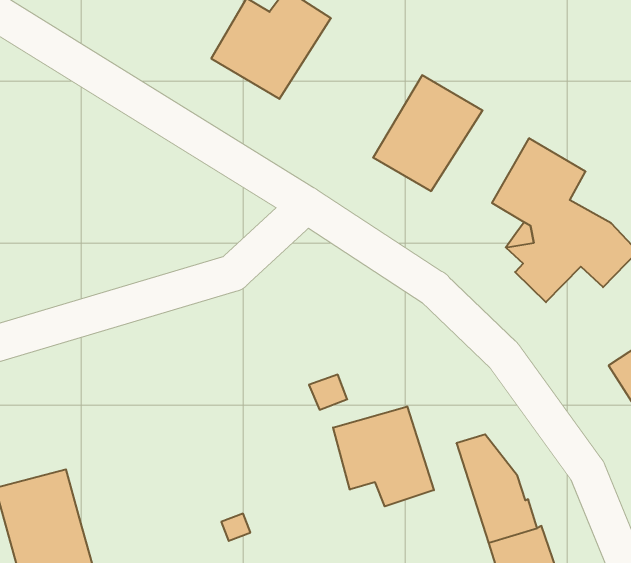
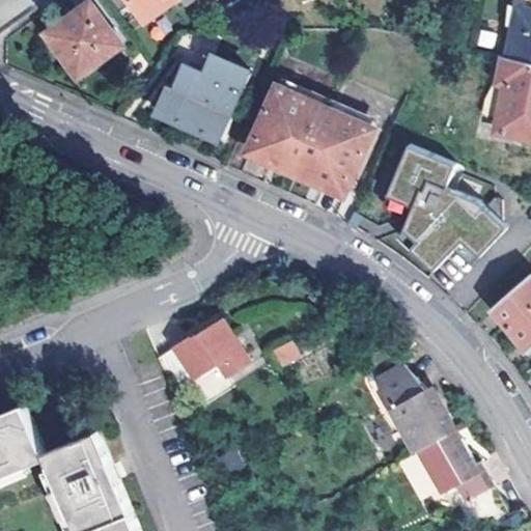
building: none -> [248,86,324,173]
building: none -> [170,322,247,382]
building: [333,406,434,506] -> none

